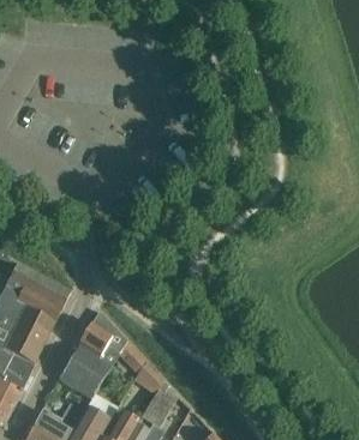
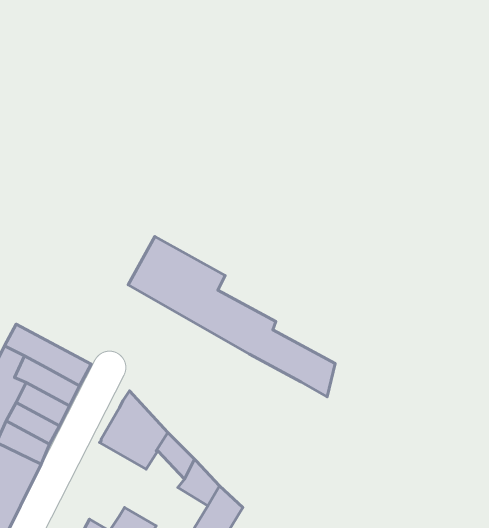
building: none -> [128,236,335,397]
building: [58,346,110,399] -> none

